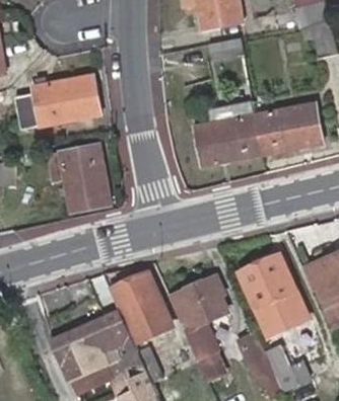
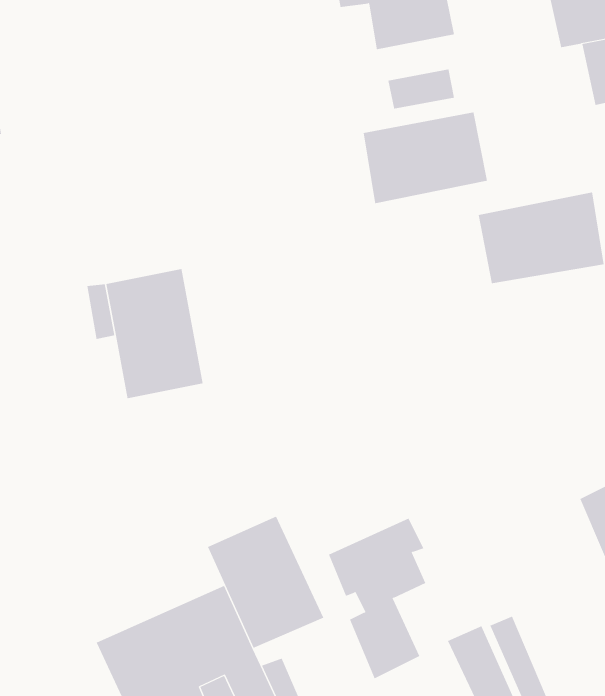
building: [15,75,100,129] -> none
building: [196,115,262,164] -> [363,112,488,204]
building: [240,253,307,325] -> none

